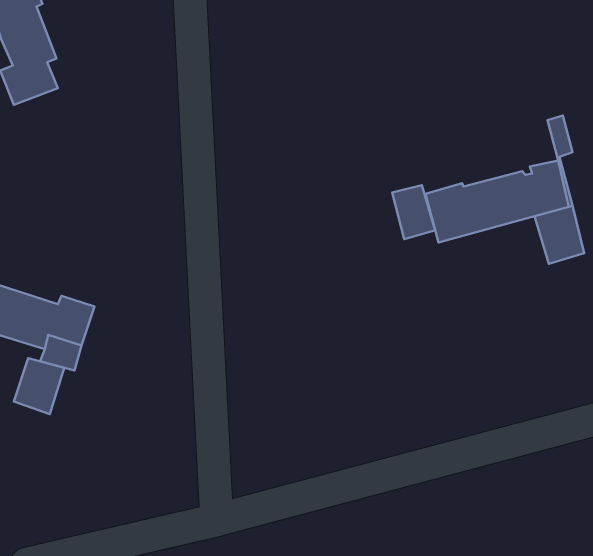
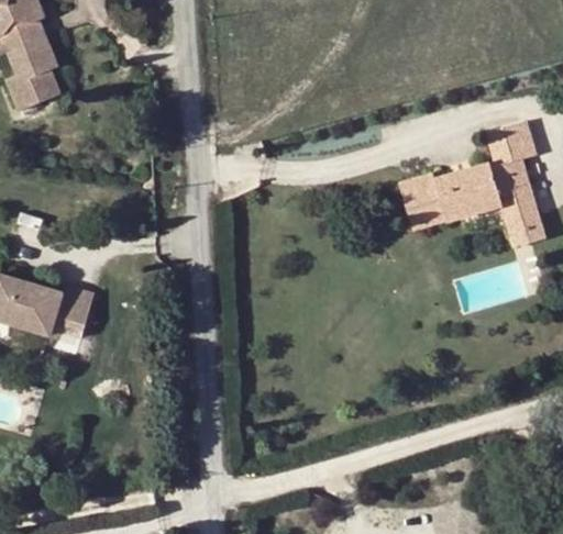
building: none -> [486,120,522,163]
building: [392,185,435,239] -> none
building: [14,358,64,414] -> none

